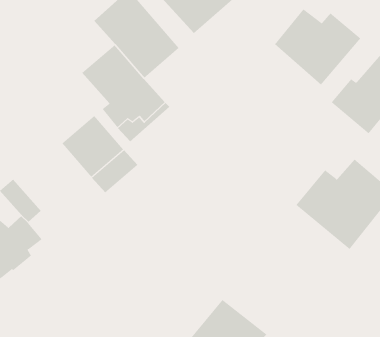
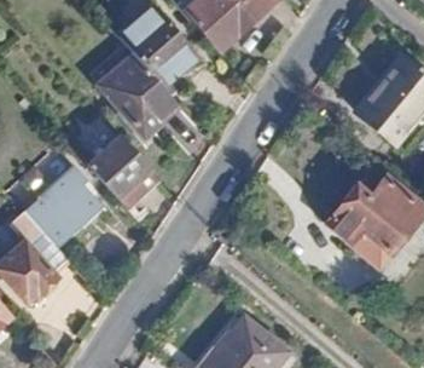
building: [274,8,361,86] -> none
building: none -> [33,165,97,226]

